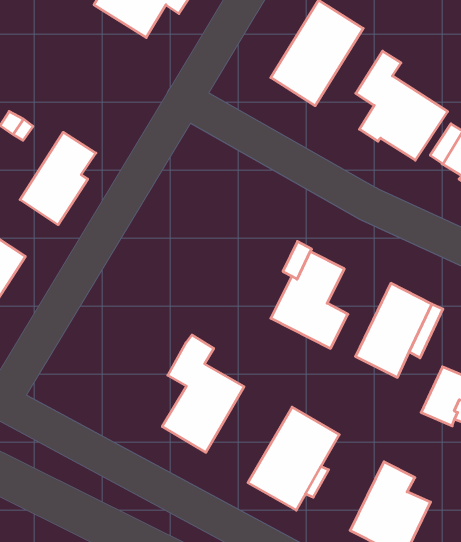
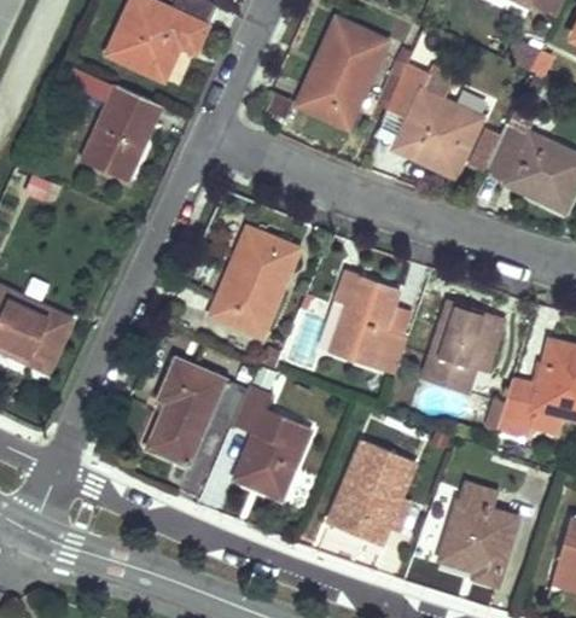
building: [20,132,96,225] -> [83,84,155,180]
building: none -> [210,228,297,336]
building: none -> [146,357,246,462]

